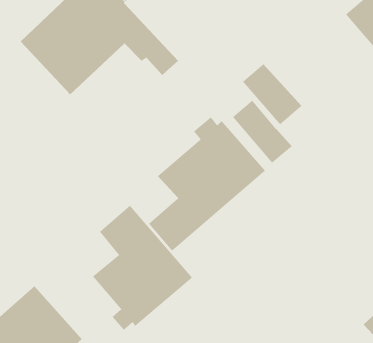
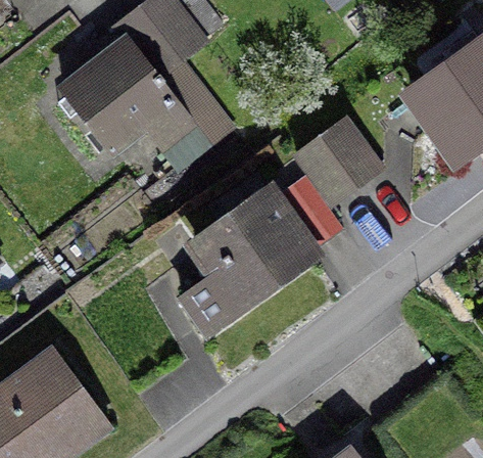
building: [92,205,193,331] -> none

